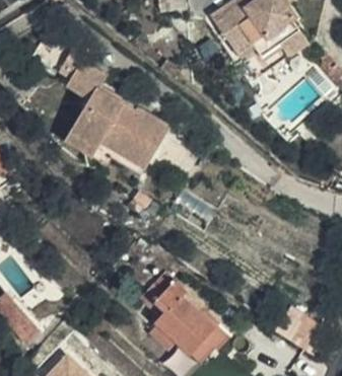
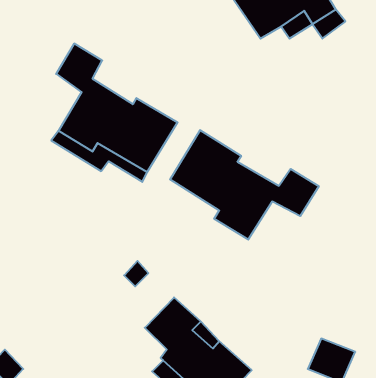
building: none -> [170,130,319,240]

